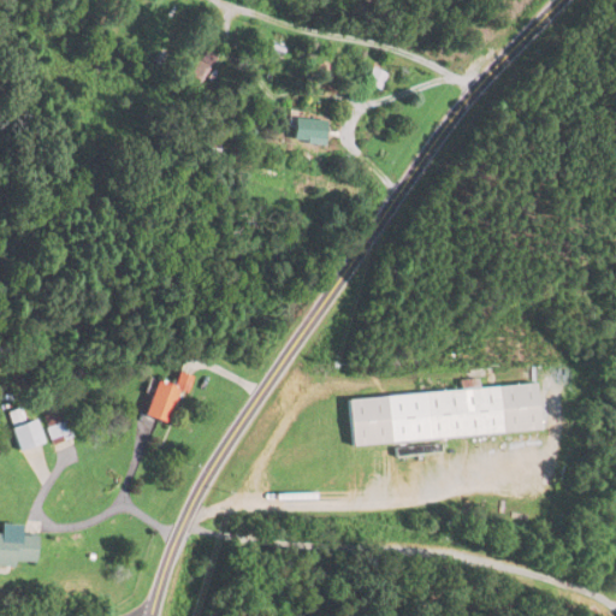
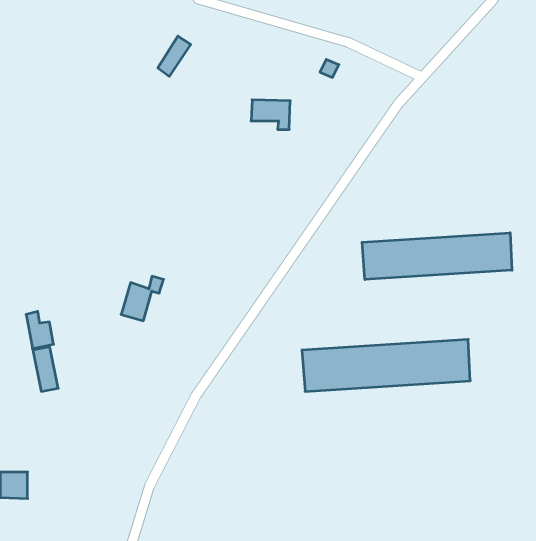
building: none -> [362,233,512,280]
building: [147,373,195,424] -> [121,276,164,321]
building: [13,408,45,450] -> [26,311,54,349]

